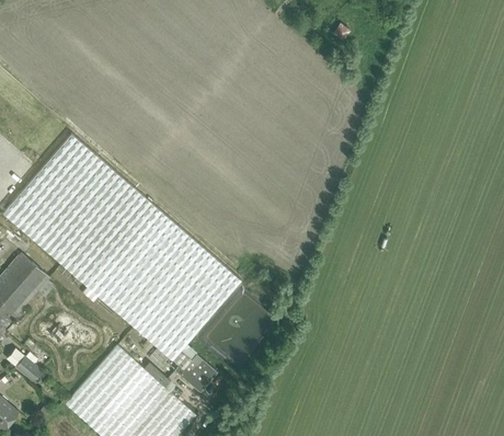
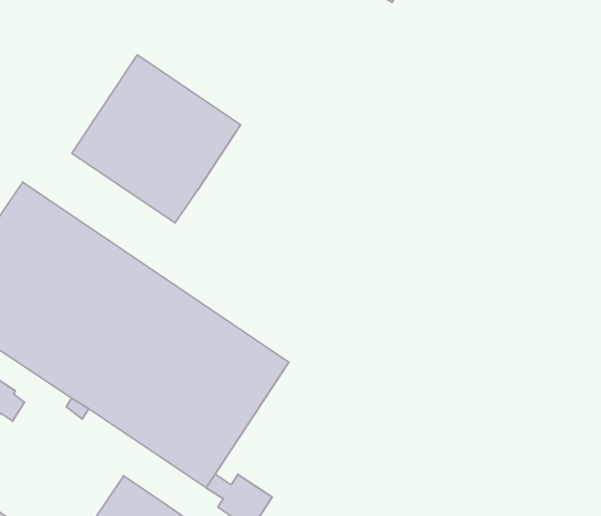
building: none -> [72,55,240,223]

